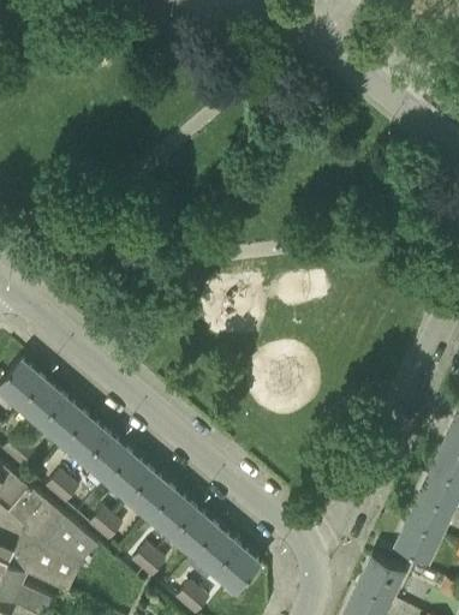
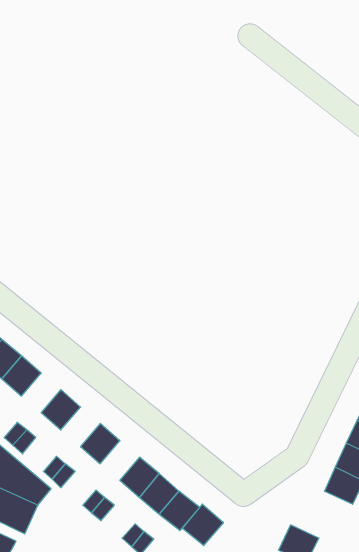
building: [60,417,107,460] -> none
building: [107,454,150,497] -> none
building: [150,491,193,535] -> none
building: [359,556,404,598] -> none
building: none -> [183,504,223,546]

